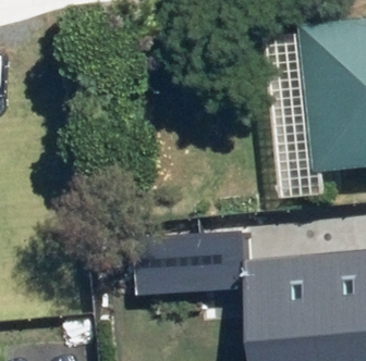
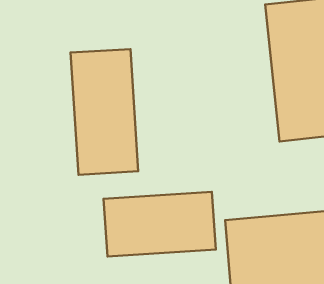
building: none -> [71,49,138,175]

